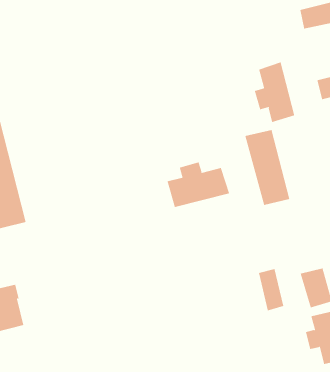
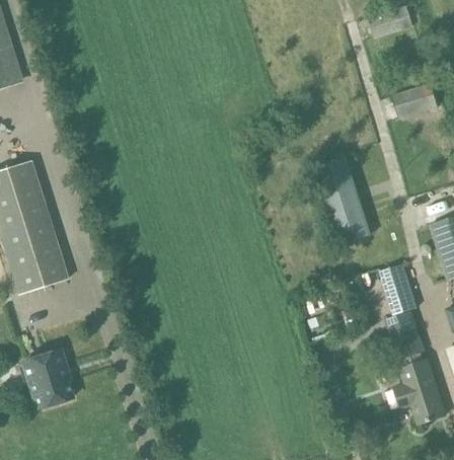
building: [254,62,295,123] -> none
building: [167,161,230,208] -> none
building: [258,269,284,311] -> [380,264,412,314]

